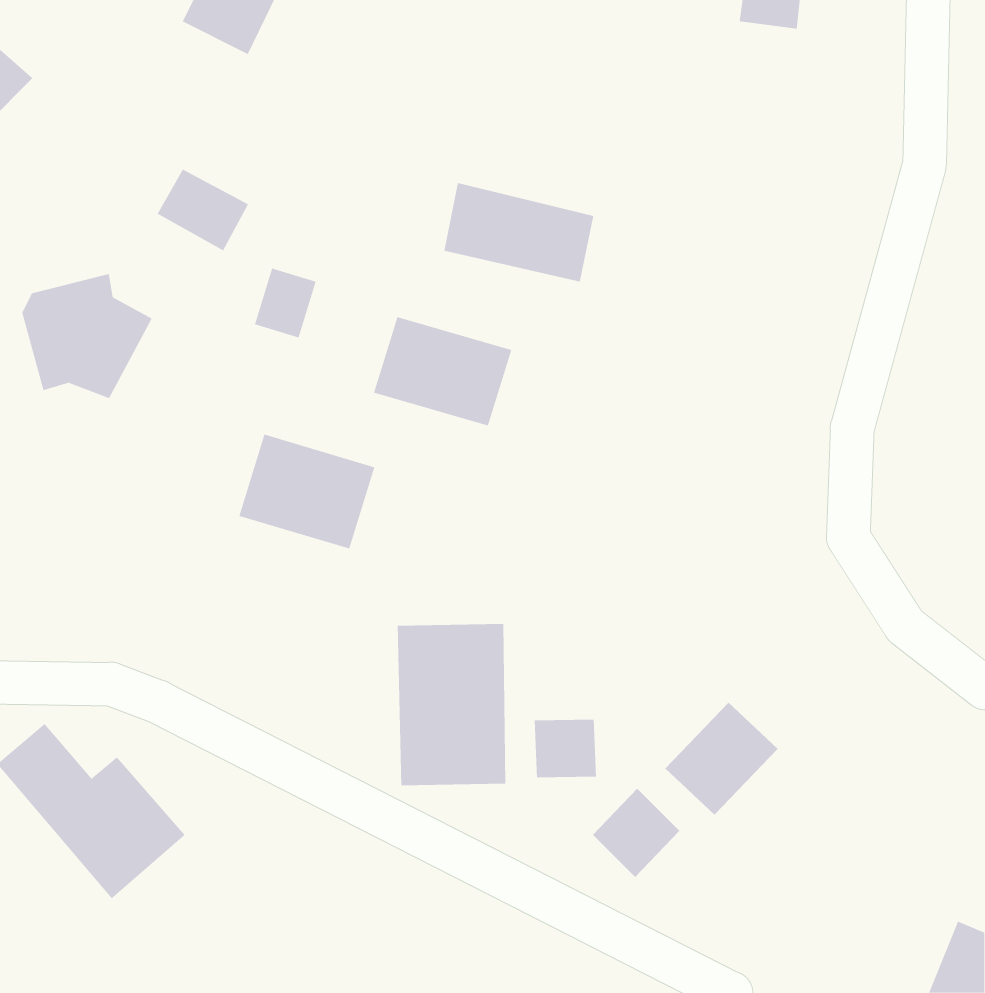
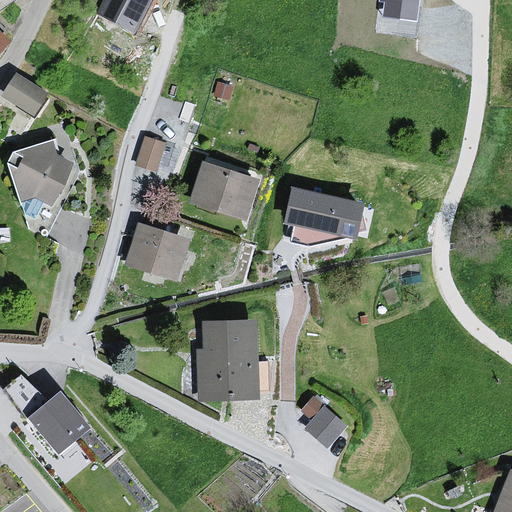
building: [157,169,249,251] -> [7,73,54,115]
building: [444,183,594,282] -> [278,187,355,238]
building: [665,702,779,816] -> none
building: [534,719,596,778] -> none

